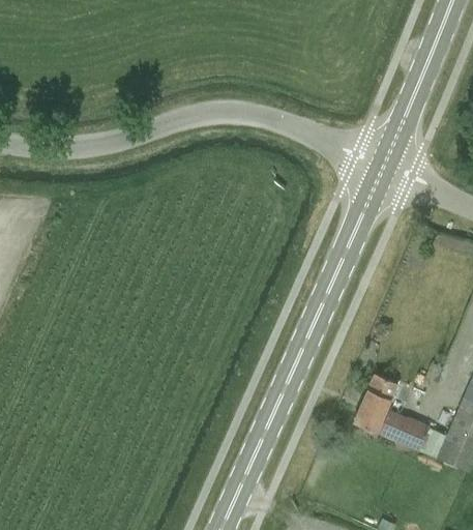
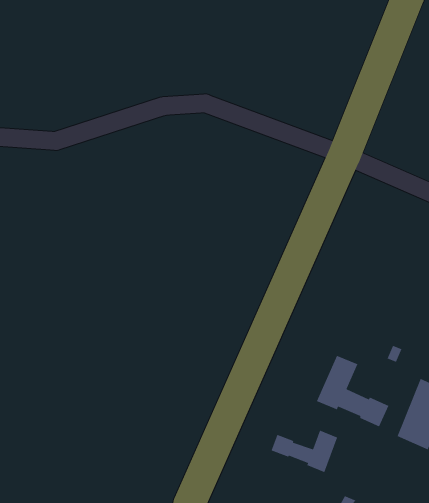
building: none -> [271,430,338,473]

